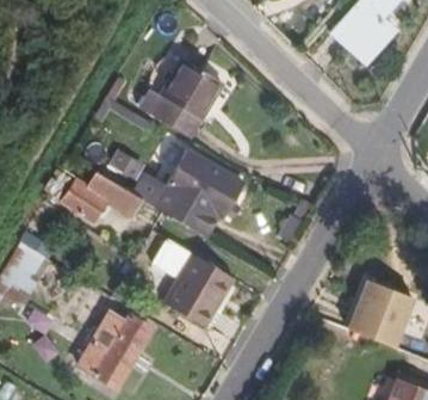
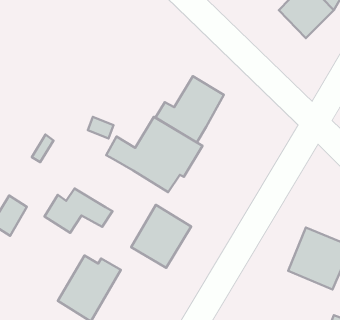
building: [143,59,222,135] -> [156,76,224,142]
building: [63,173,142,224] -> [44,189,113,233]

